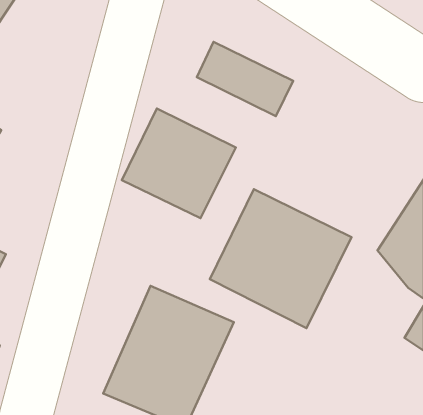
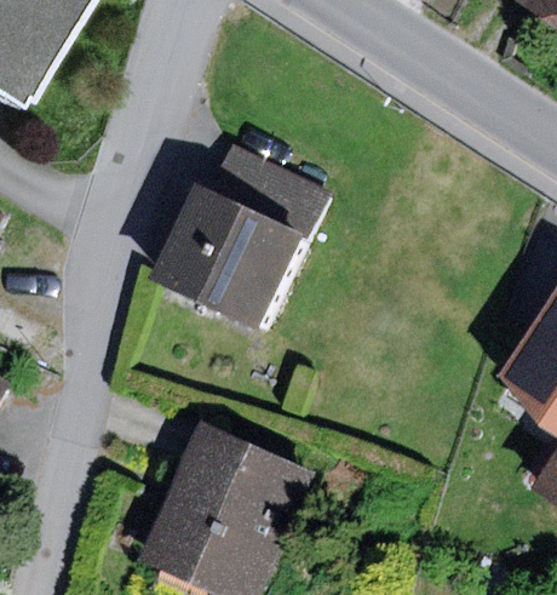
building: [197,42,293,116] -> [207,144,333,241]
building: [210,189,351,328] -> none

